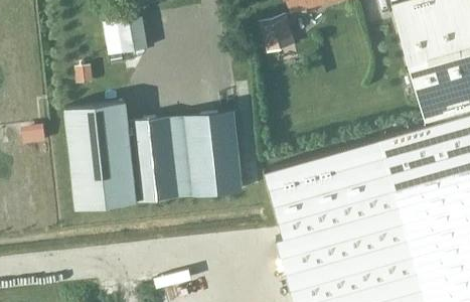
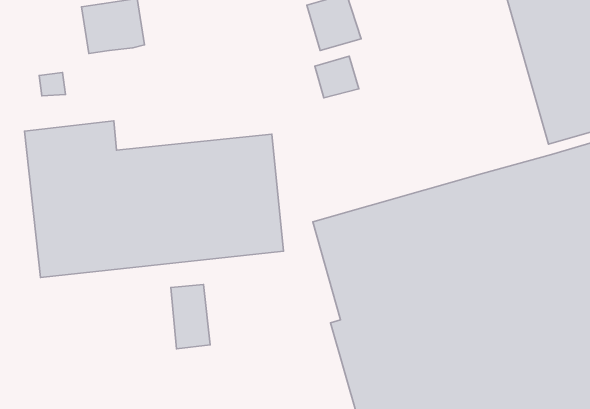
building: none -> [315,56,359,98]
building: none -> [171,284,210,349]

